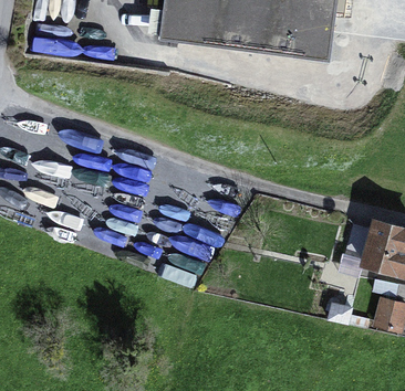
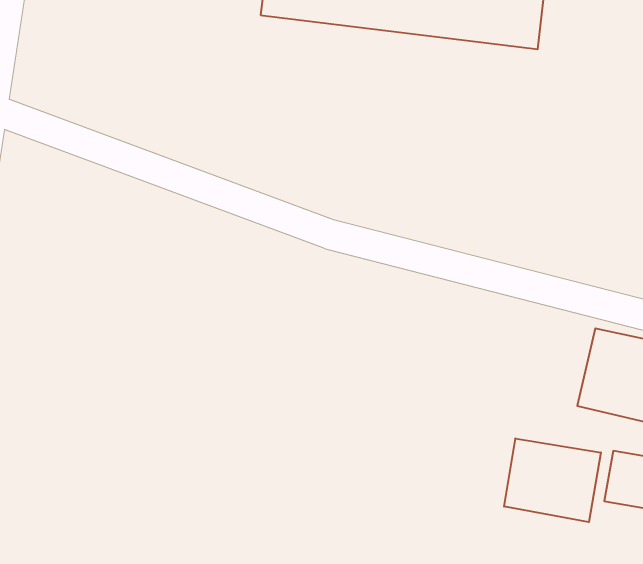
building: none -> [504,438,601,522]

